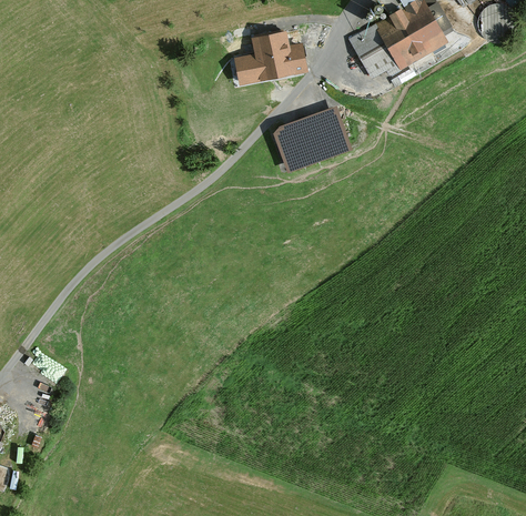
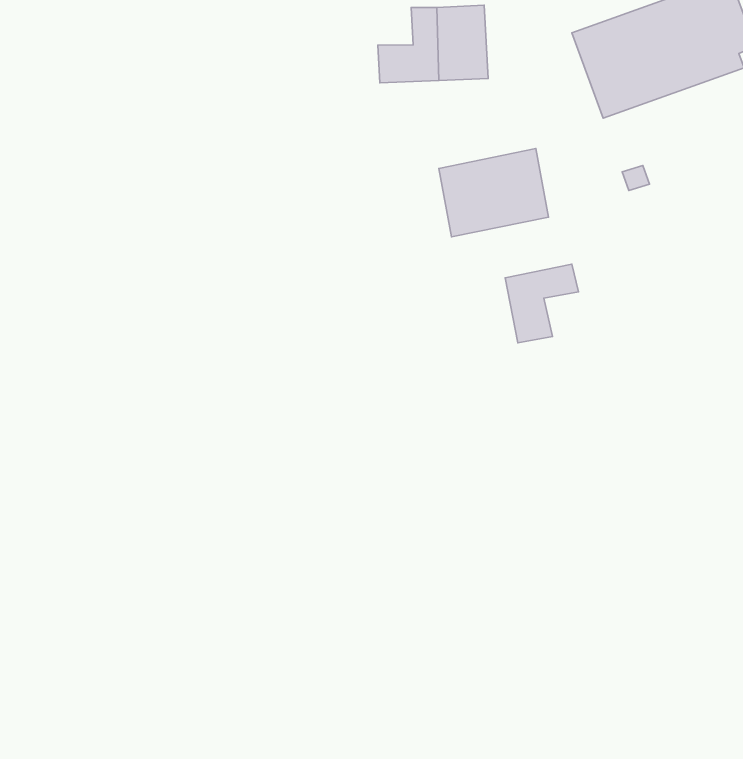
building: none -> [505,264,578,343]

